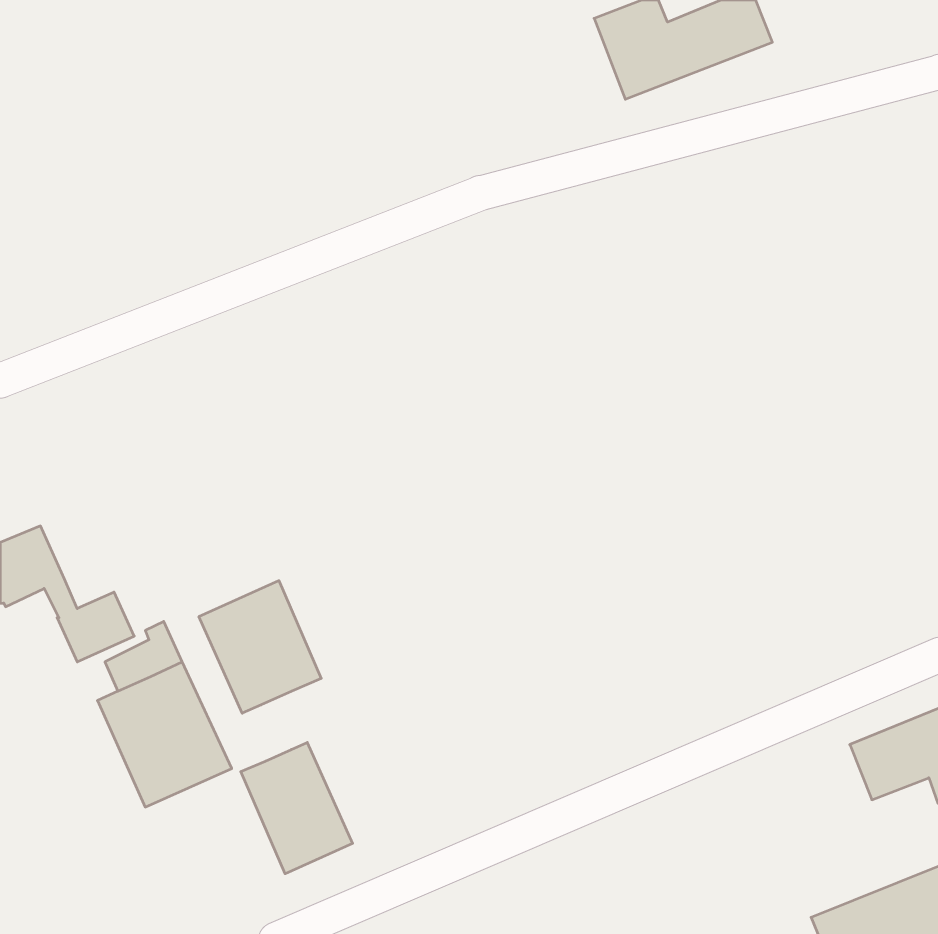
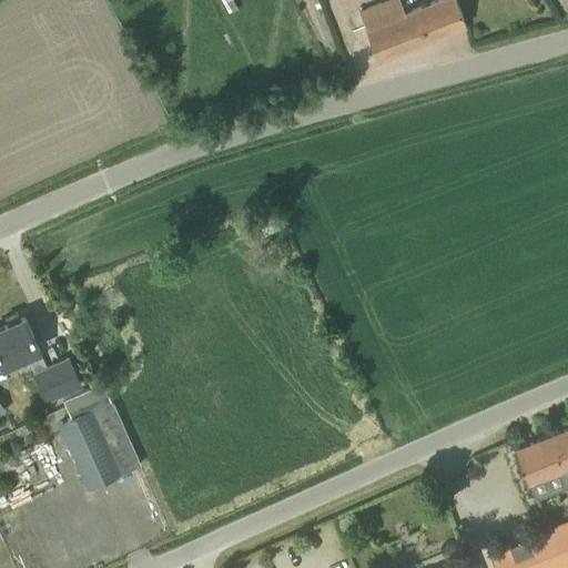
building: [199,581,321,713] -> none
building: [241,742,353,874] -> none

